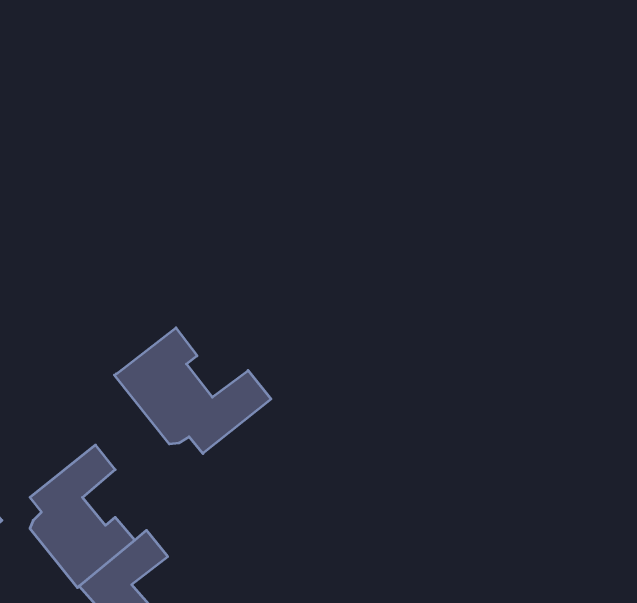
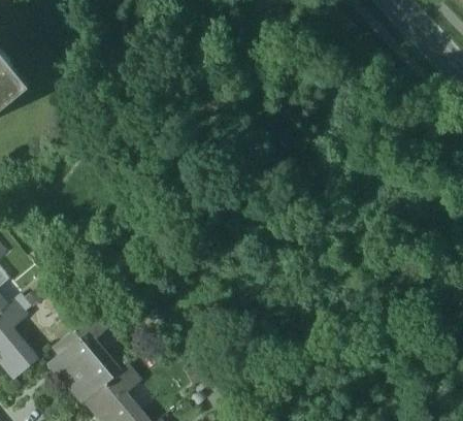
building: [114,328,271,454] -> none

